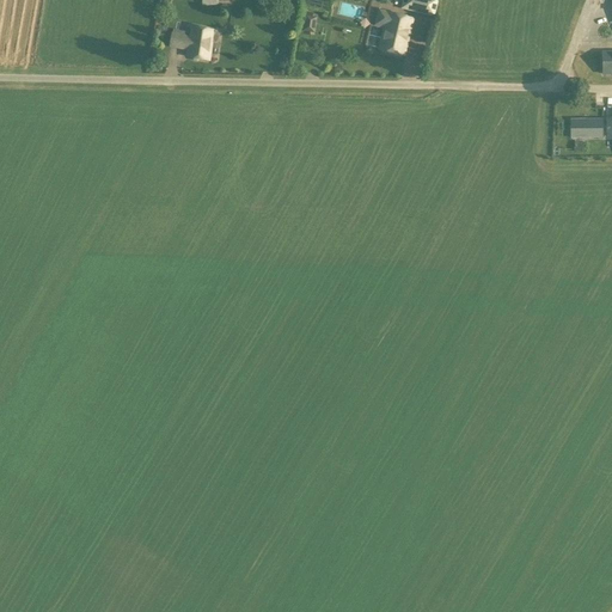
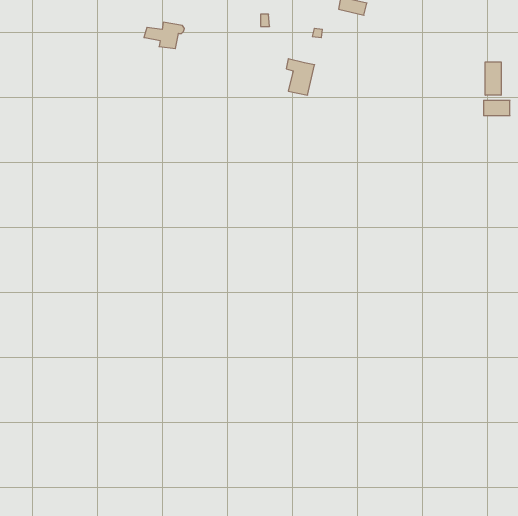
building: [378,10,411,53] -> [286,59,315,95]
building: none -> [485,62,501,95]

